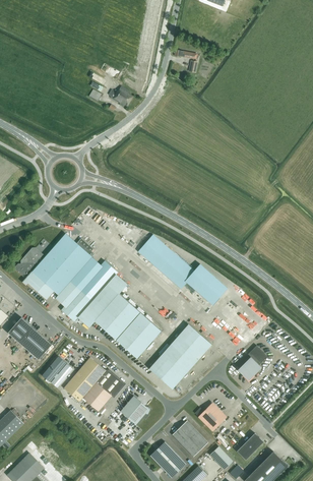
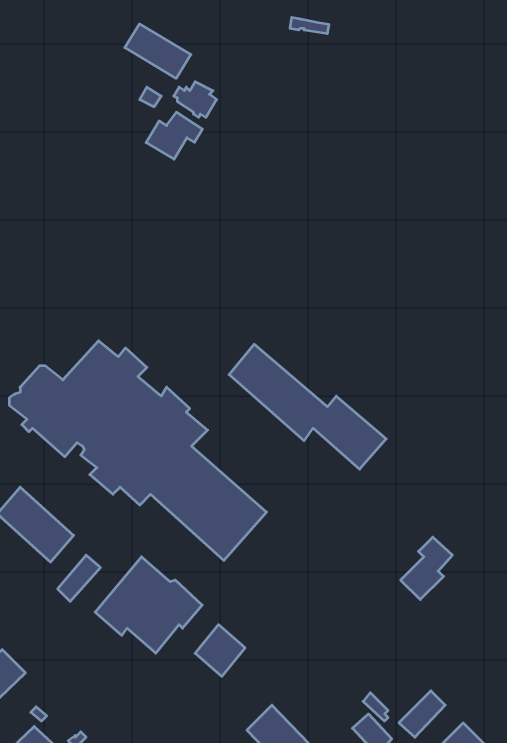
building: none -> [125,24,191,78]
building: none -> [146,112,202,159]
building: [149,324,211,389] -> none
building: [195,403,227,431] -> none
building: [173,421,208,457] -> none

